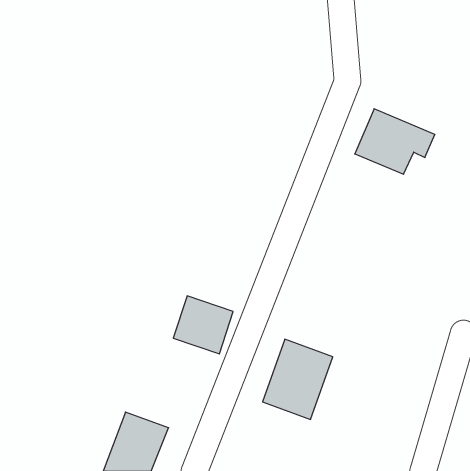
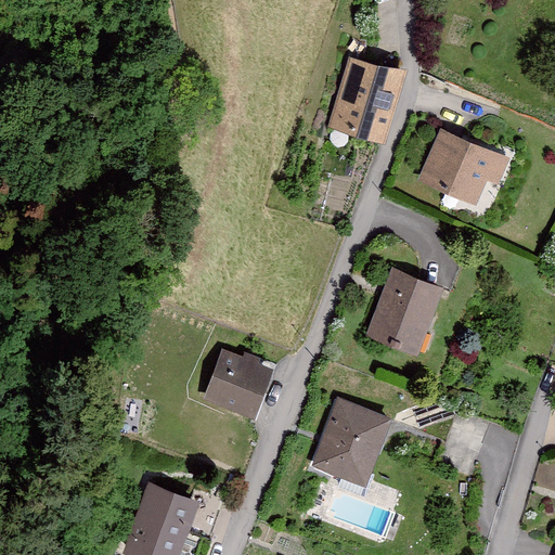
building: none -> [327,54,402,143]
building: none -> [366,270,441,356]

